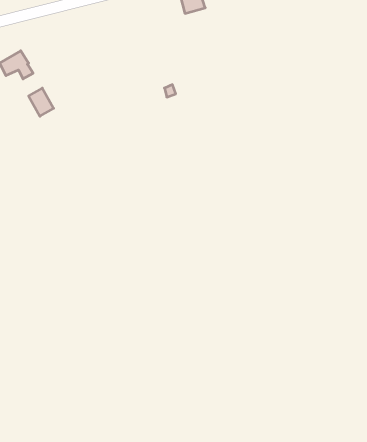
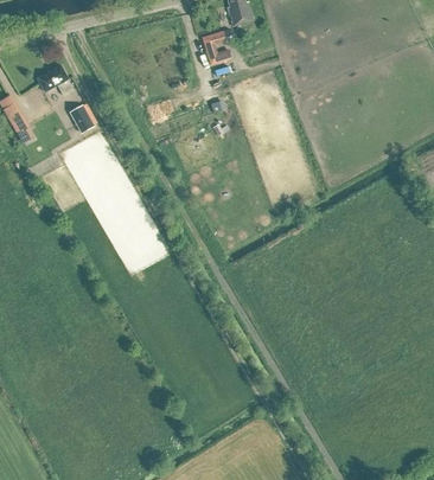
building: none -> [202,28,232,65]

